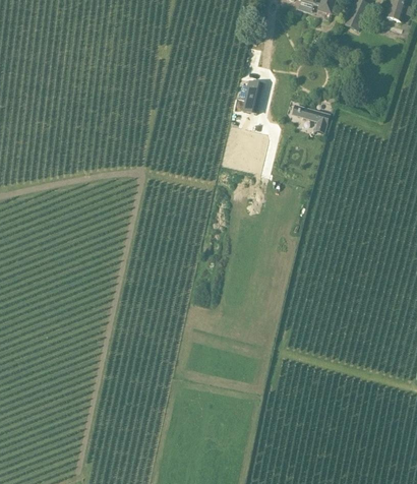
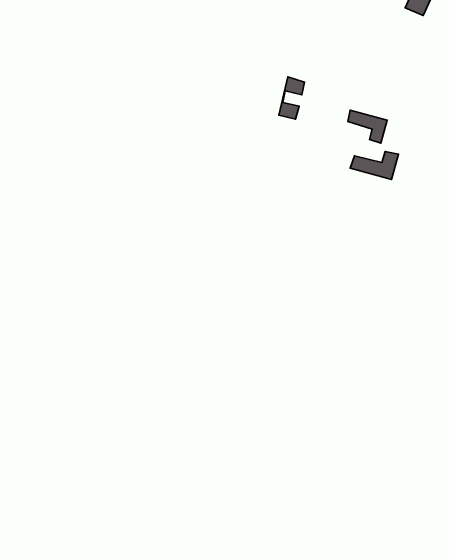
building: none -> [350,151,398,180]

